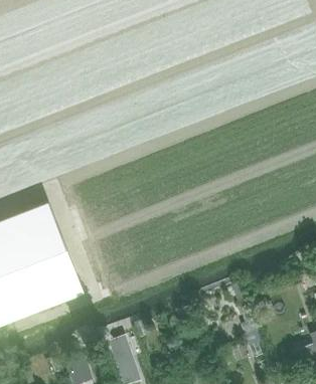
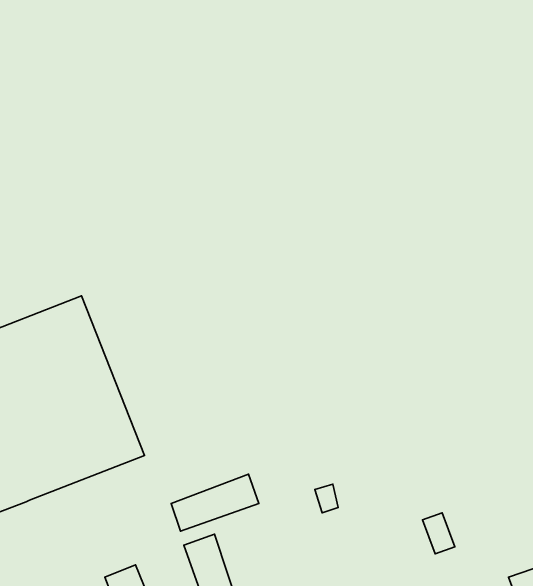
building: none -> [171,474,259,531]

